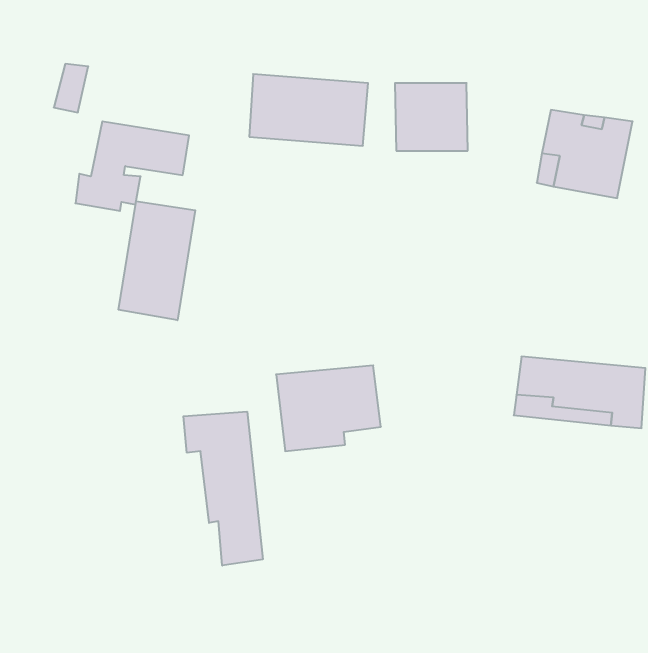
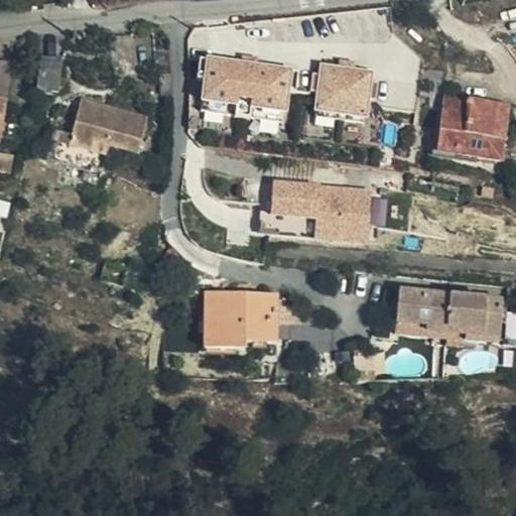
building: [119,201,195,320] -> none
building: none -> [266,181,369,245]
building: [183,412,263,566] -> none

